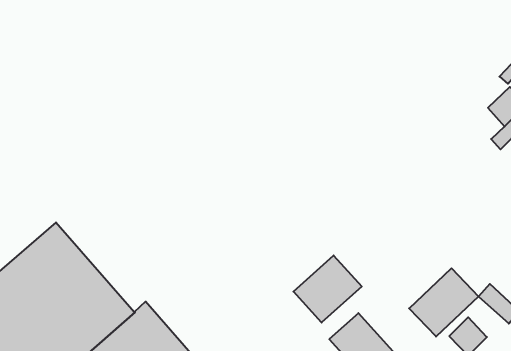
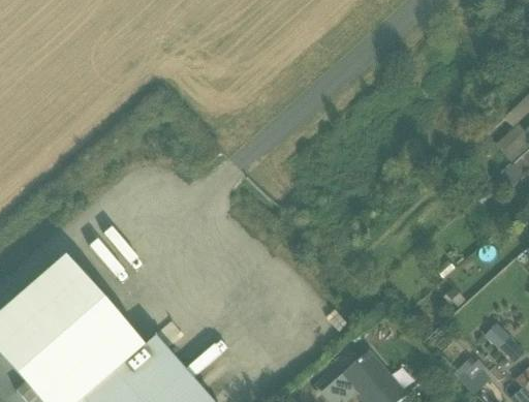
building: [293,255,362,323] -> none
building: [409,268,479,337] -> none

